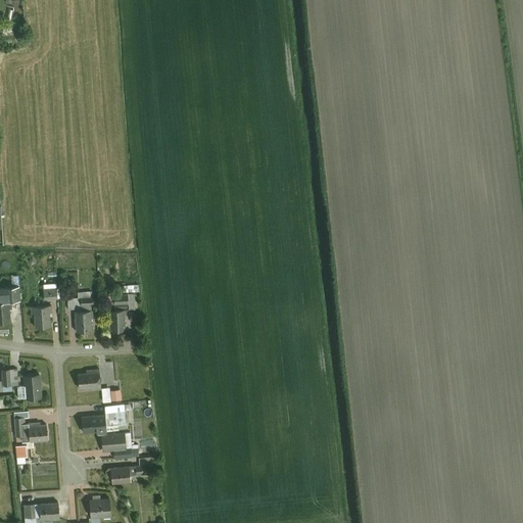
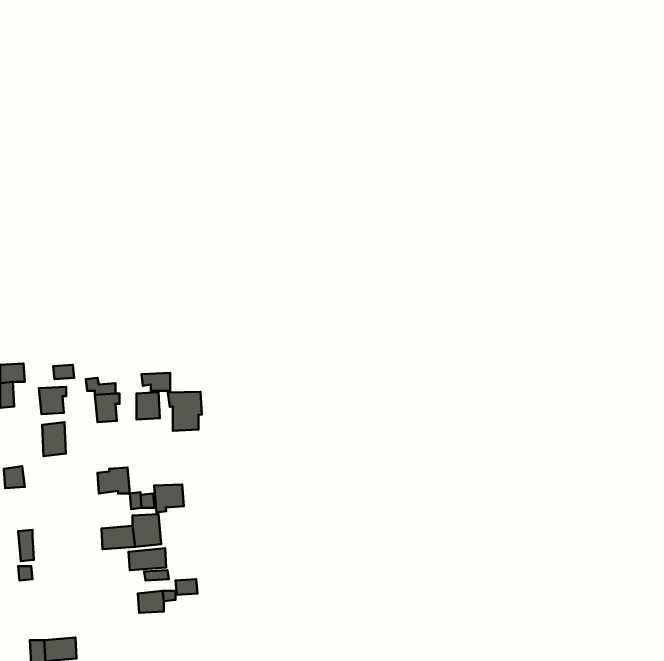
building: none -> [168,392,202,431]
building: [25,374,43,400] -> [42,422,66,456]
building: none -> [154,484,184,513]
building: [26,423,49,442] -> none
building: [88,497,112,518] -> none

